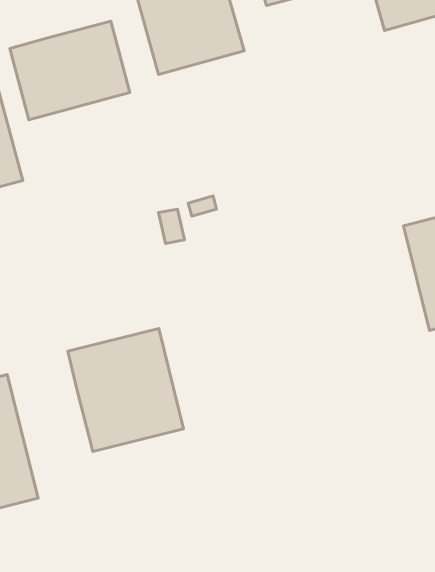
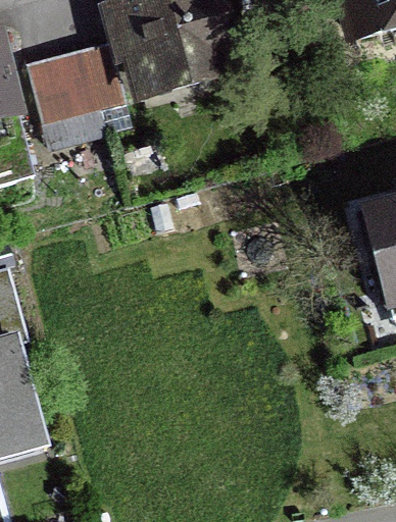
building: [68,328,184,452] -> none

